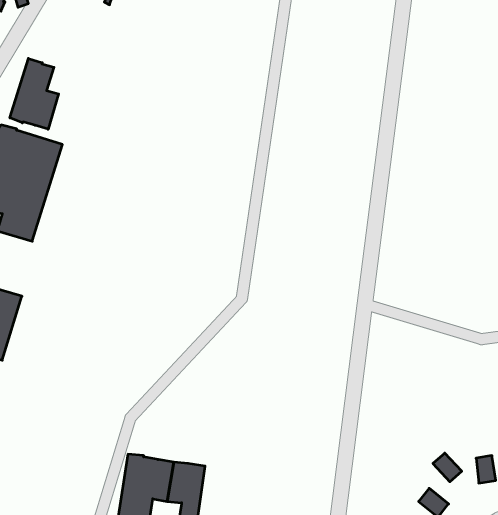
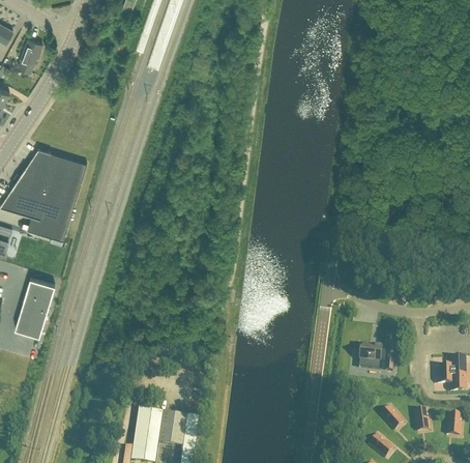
building: [10,58,59,129] -> none
building: none -> [359,337,395,363]

